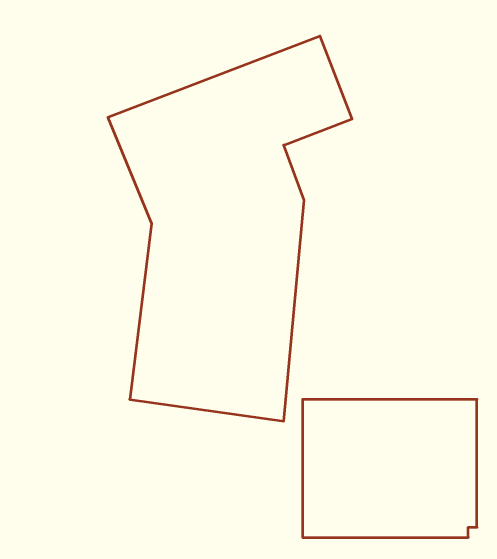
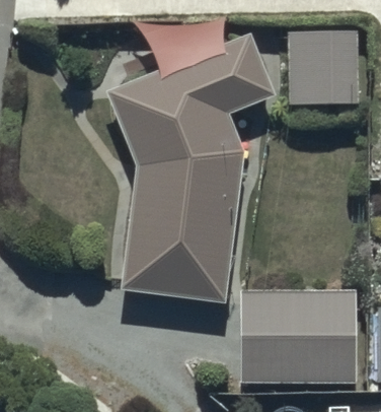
building: none -> [287,31,367,106]

